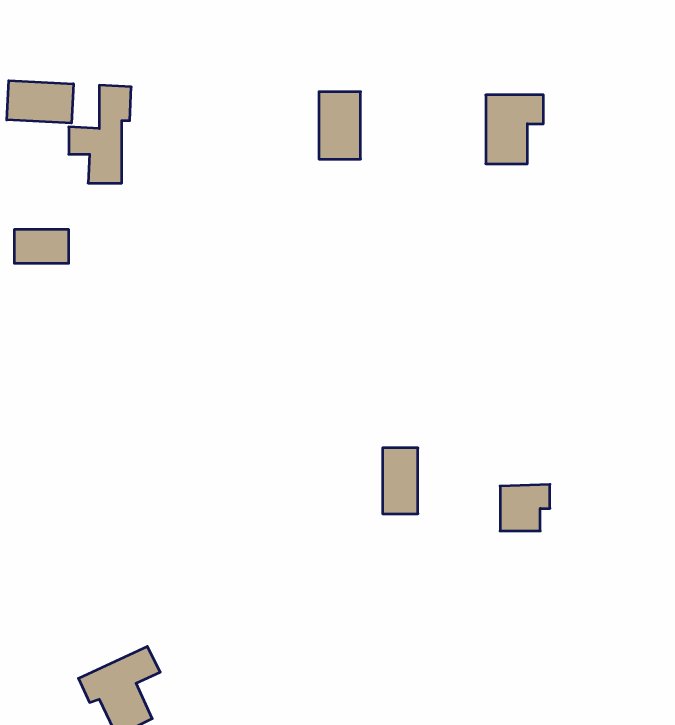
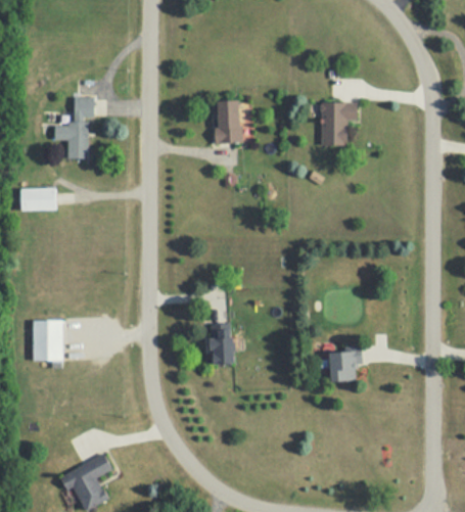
building: [7,81,73,123] -> none
building: none -> [33,319,62,365]
building: [383,448,418,514] -> [212,322,234,364]

